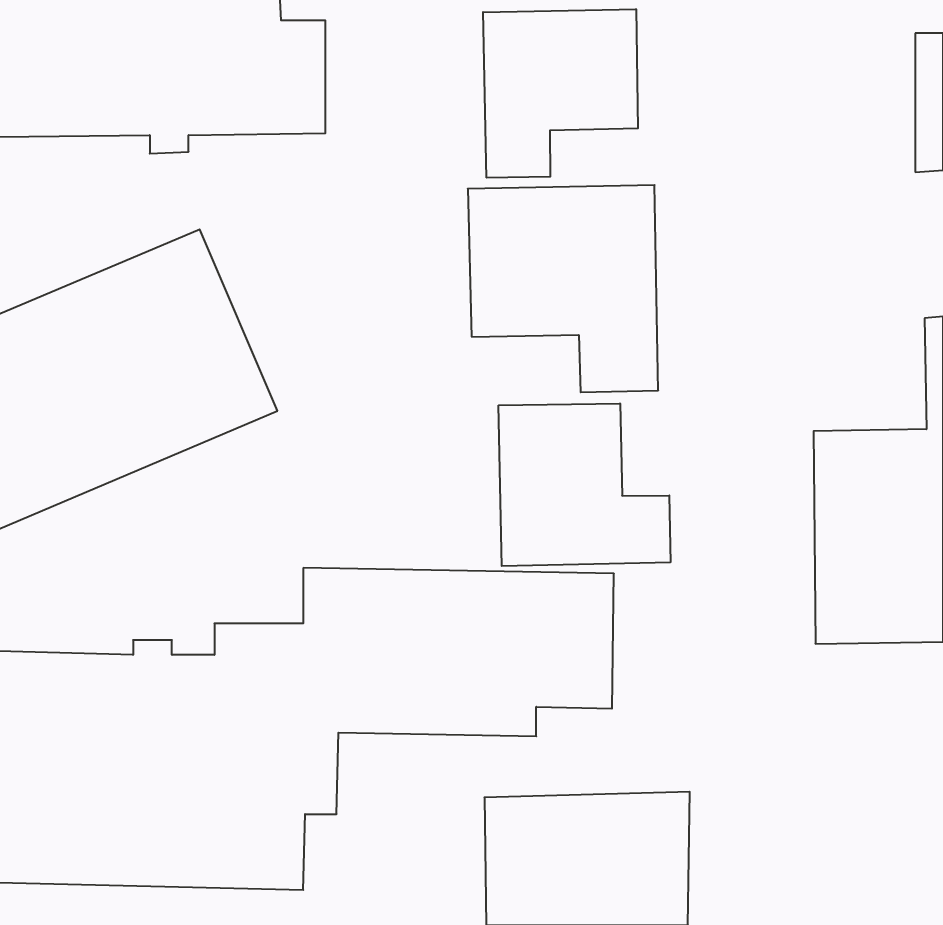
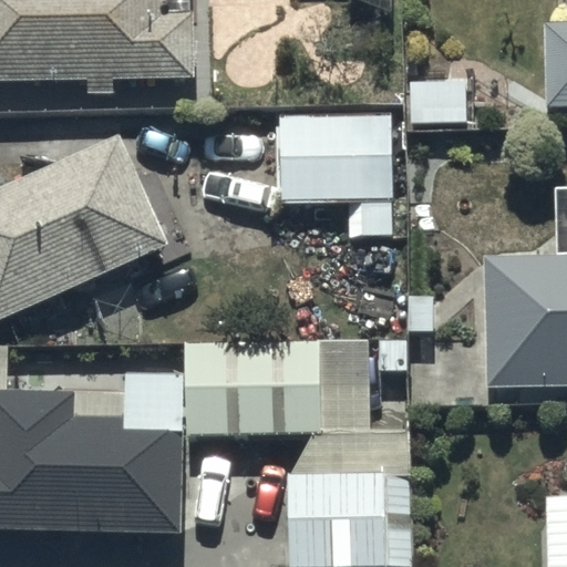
building: [483,9,638,178] -> none
building: [499,403,670,566] -> none

